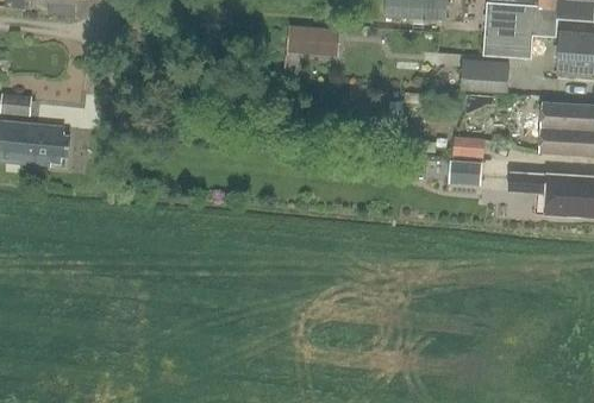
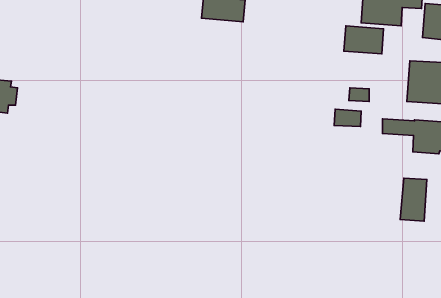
building: none -> [400,178,427,221]

